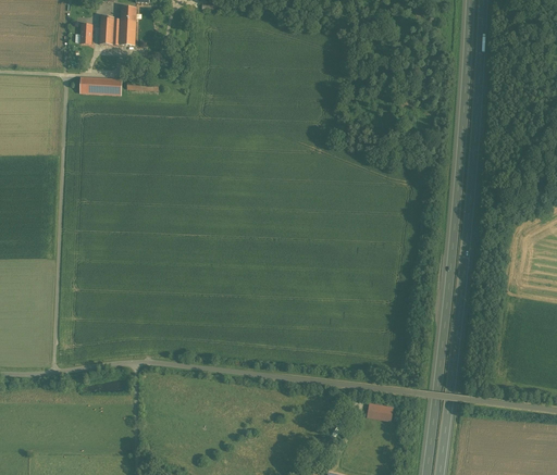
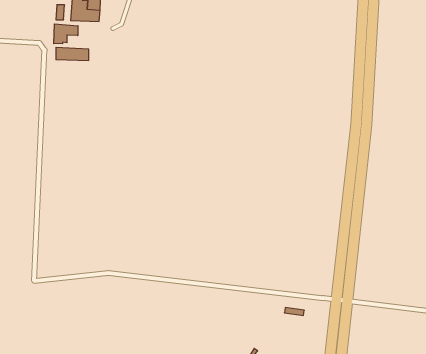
building: none -> [54,24,78,44]

